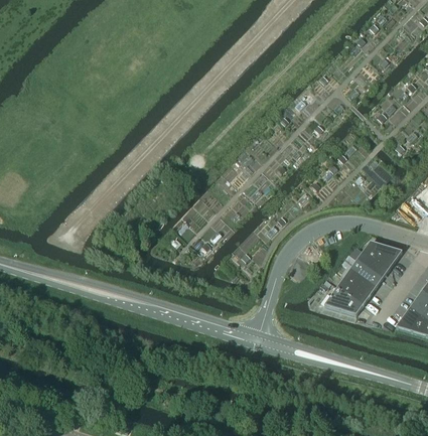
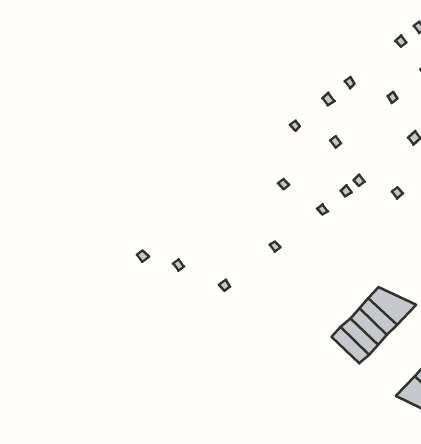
building: [325,285,364,313] -> none

